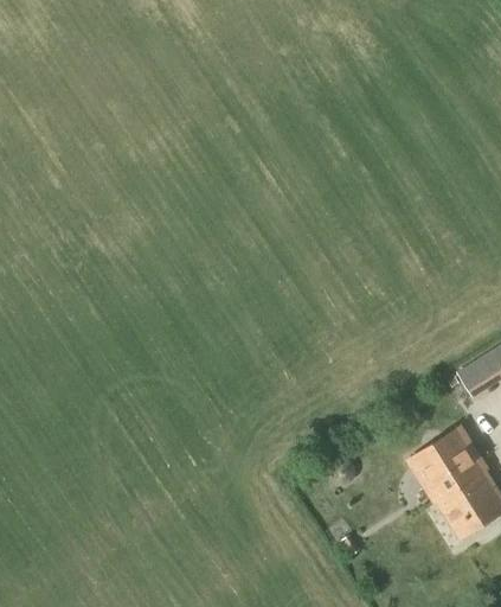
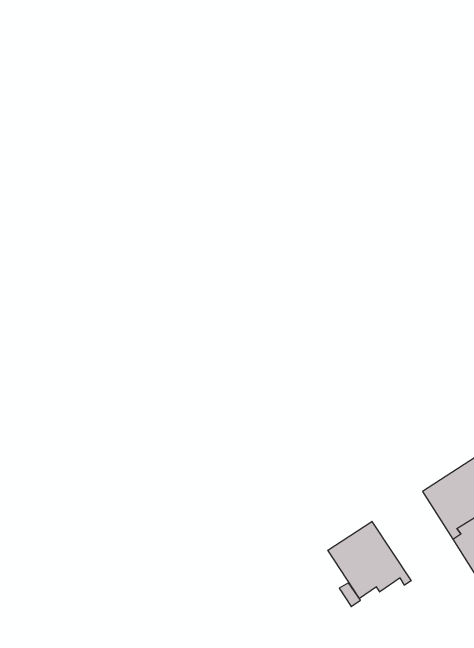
building: none -> [328,521,411,599]

